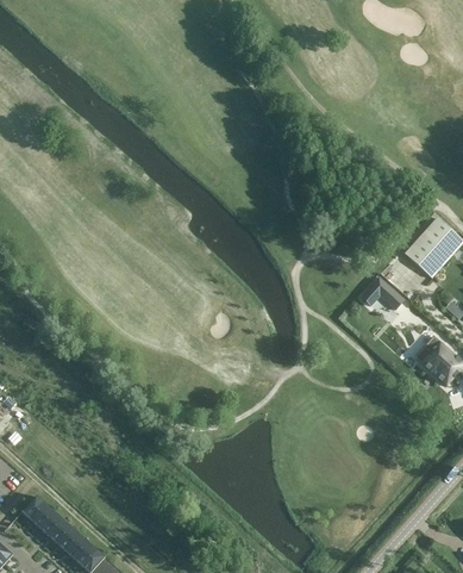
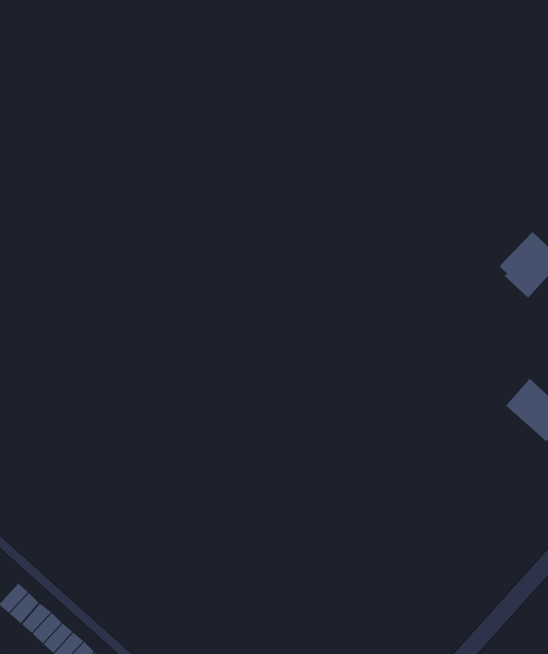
building: [361,278,403,309] -> none

